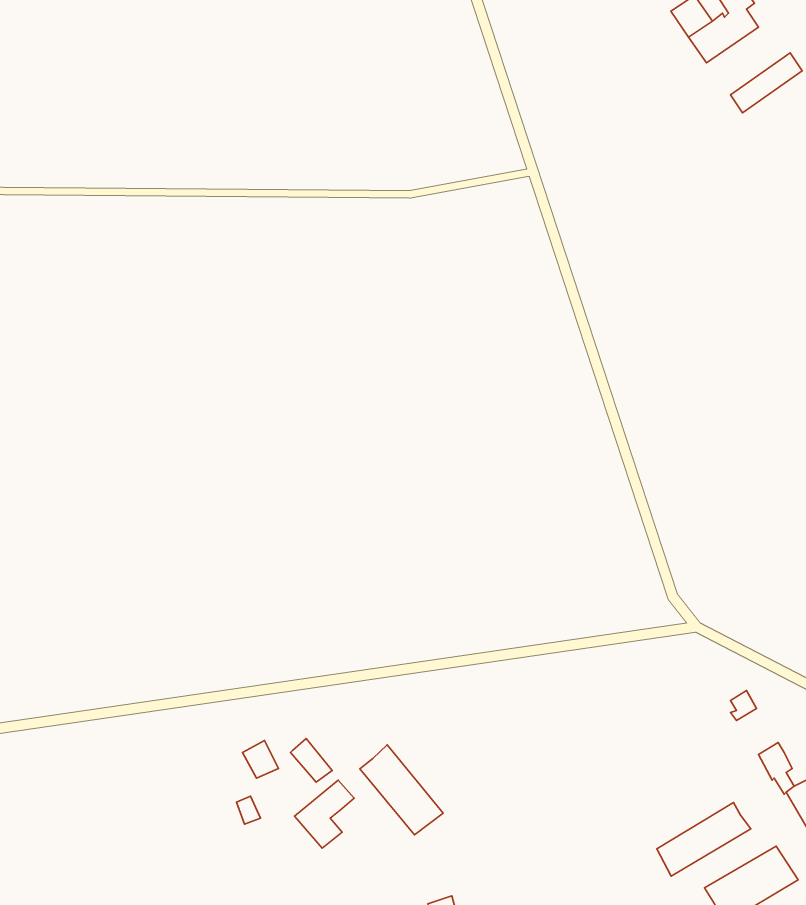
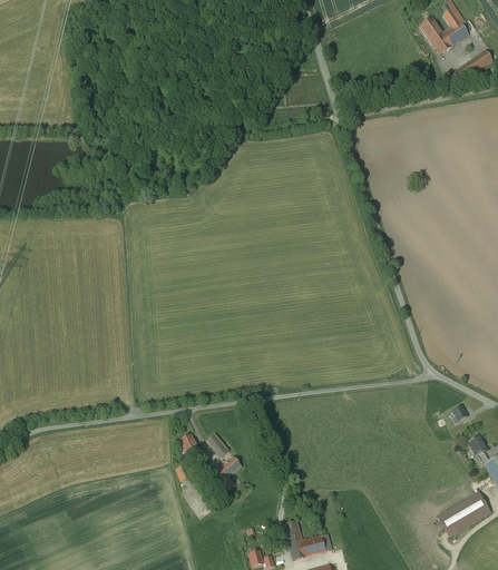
building: [360,745,443,835] -> none
building: [657,802,751,876] -> none

